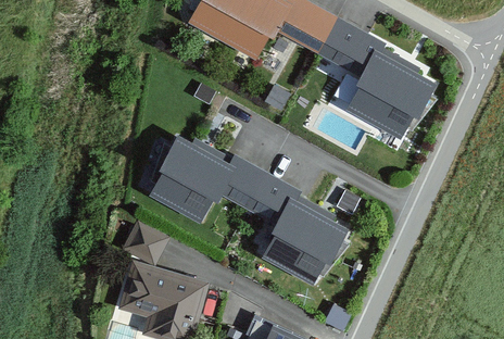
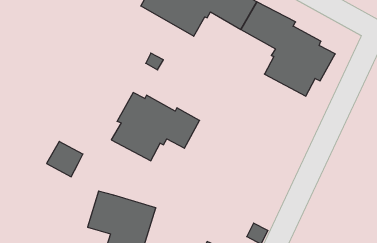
building: [242,171,348,285] -> none
building: [119,222,166,267] -> [47,141,83,177]

